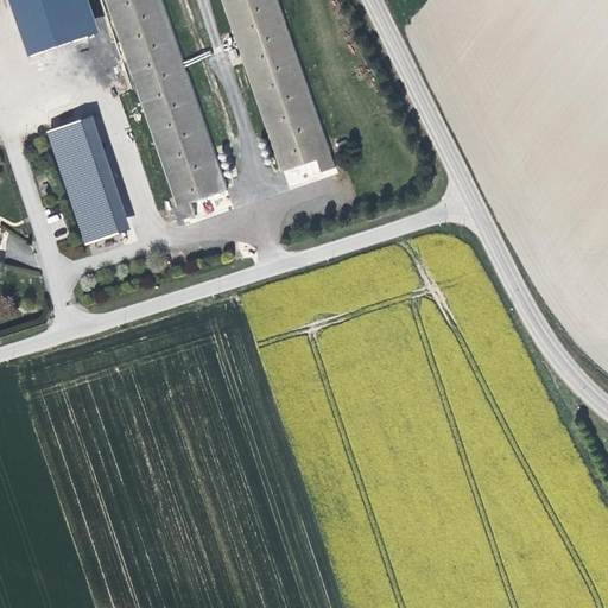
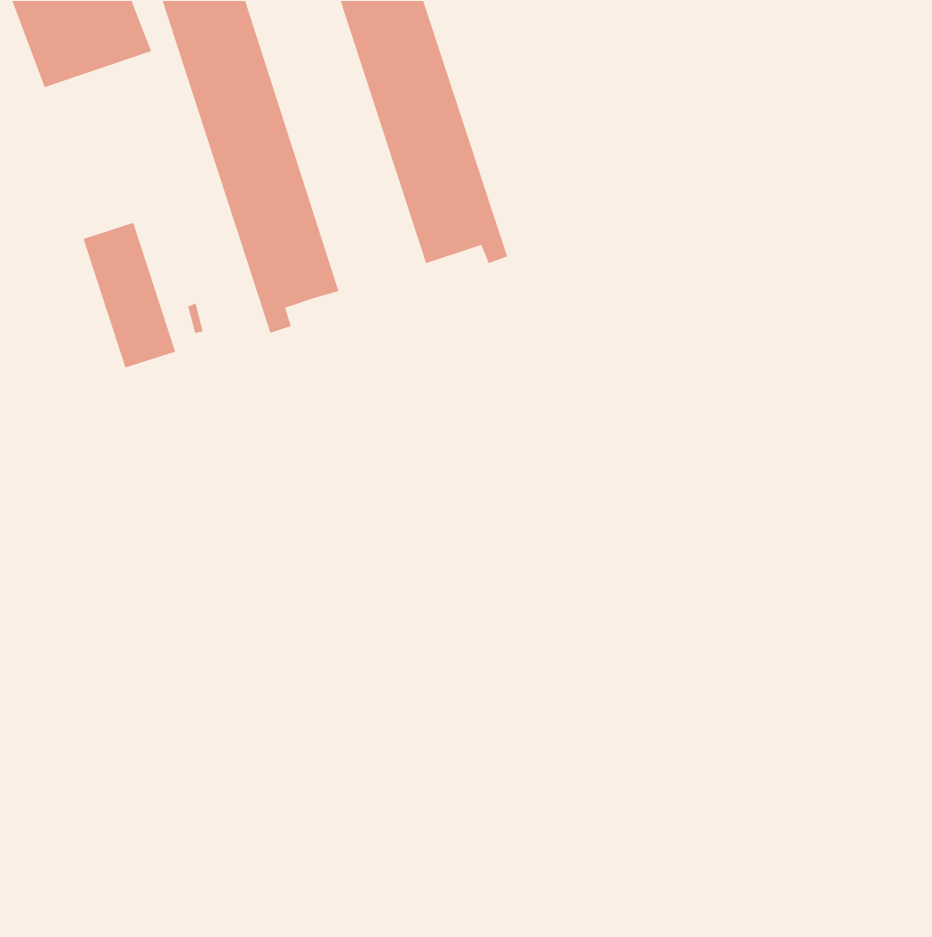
building: [48,114,90,154] -> none

